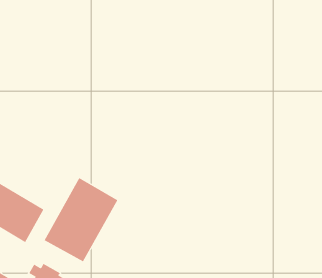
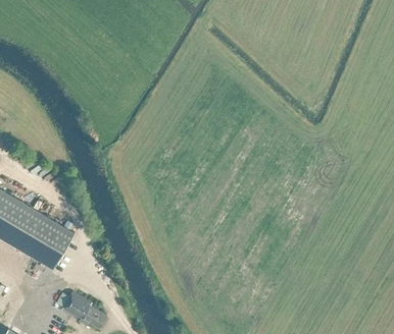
building: [44,177,118,262] -> none

